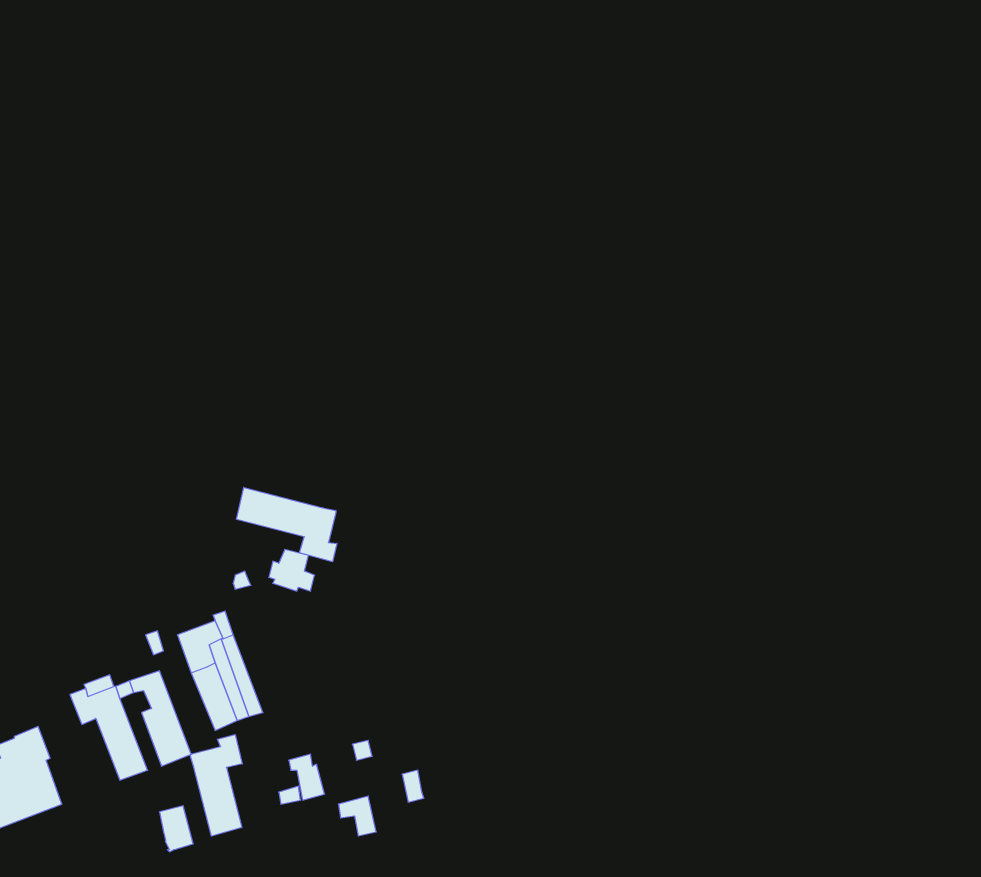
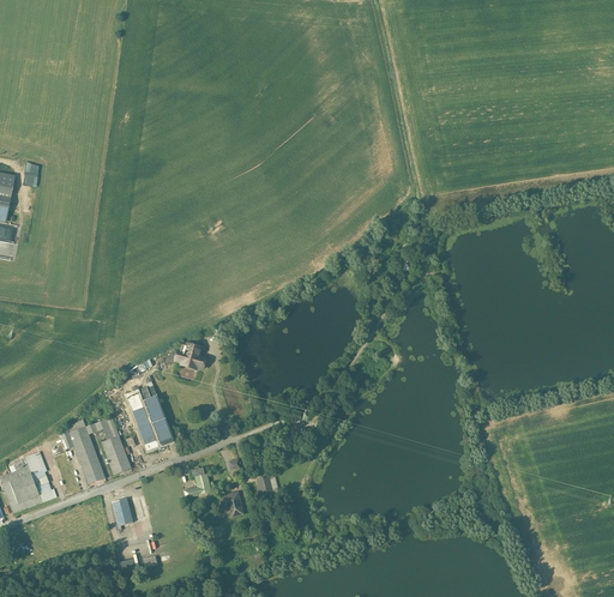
building: [237,487,337,562] -> none
building: [190,735,242,836] -> none

